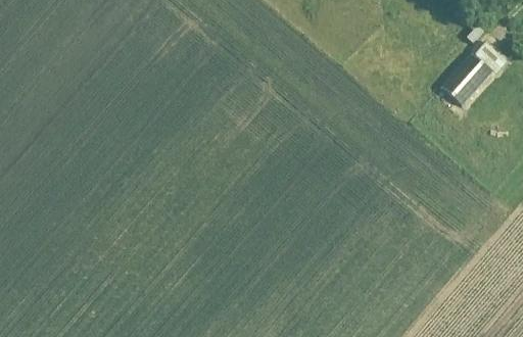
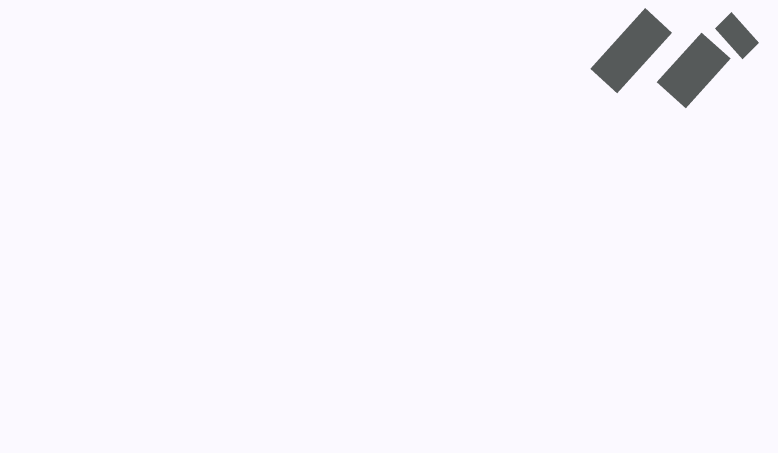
building: none -> [589,7,673,94]

